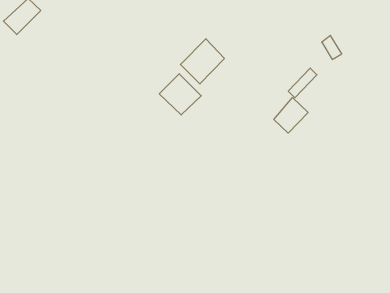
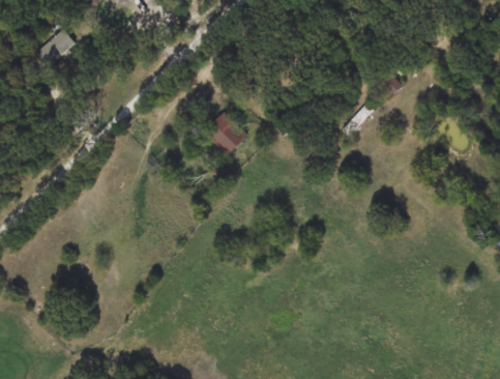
building: [180,39,224,84] -> none
building: [274,98,308,133] -> none

